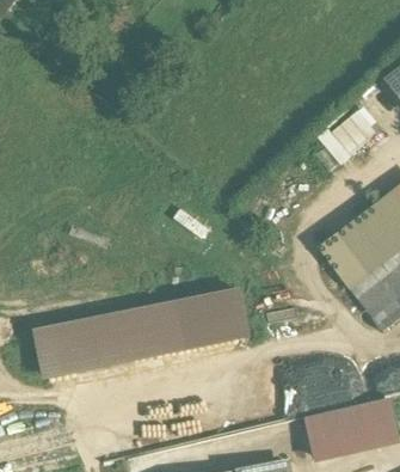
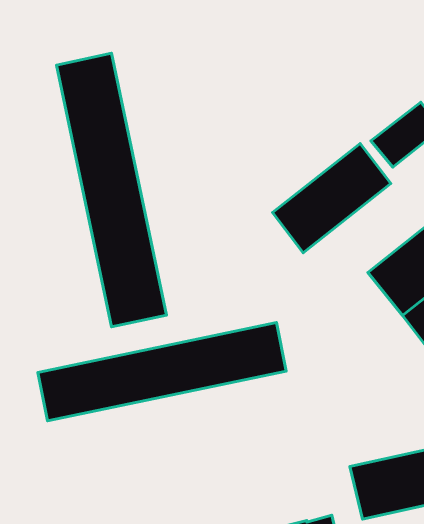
building: none -> [56,53,166,327]
building: none -> [273,144,391,253]

